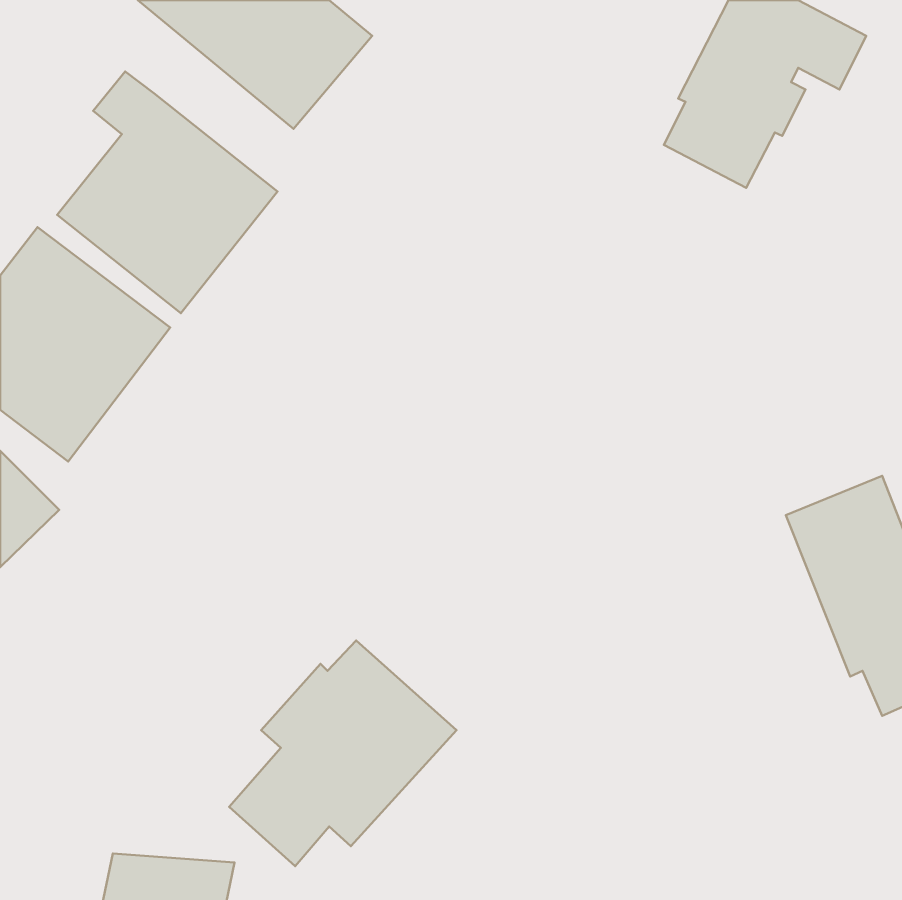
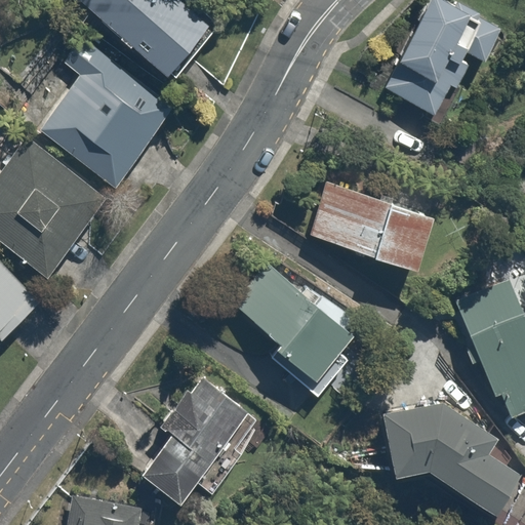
building: none -> [310,183,433,272]
building: none -> [235,268,357,397]
building: none -> [382,402,519,511]

